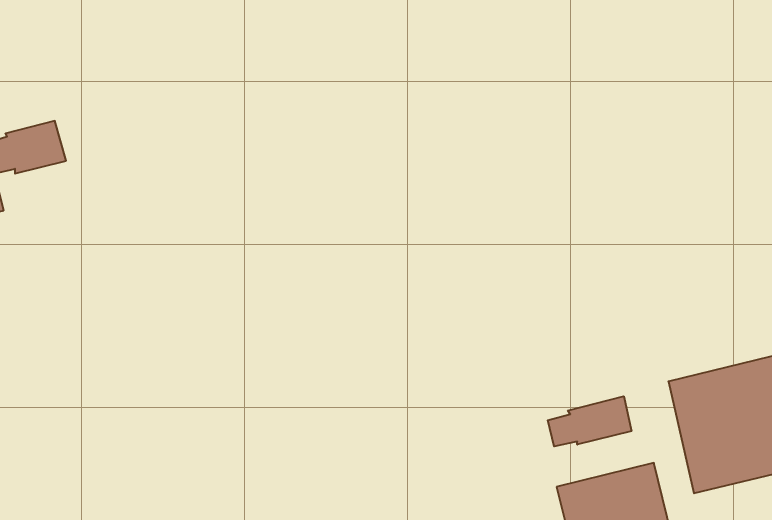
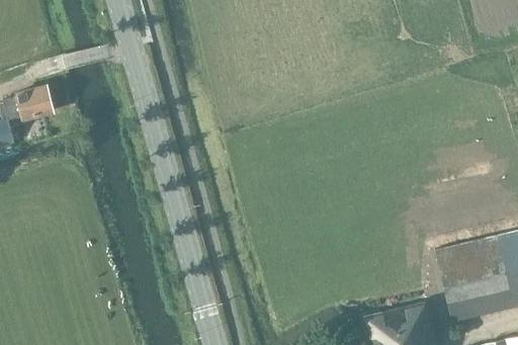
building: [548,396,631,446] -> none

